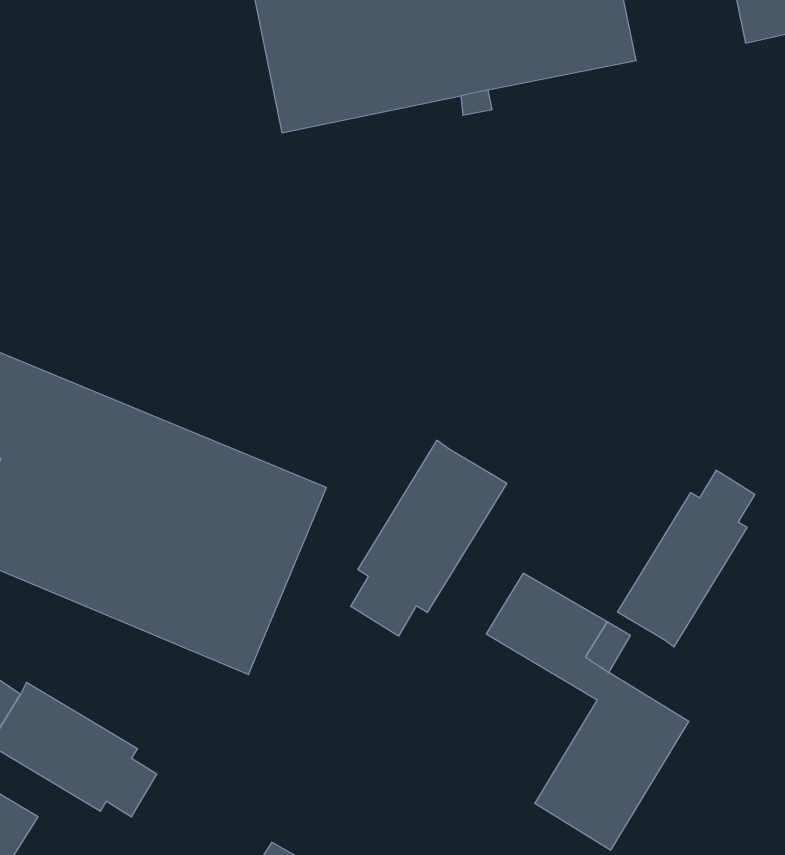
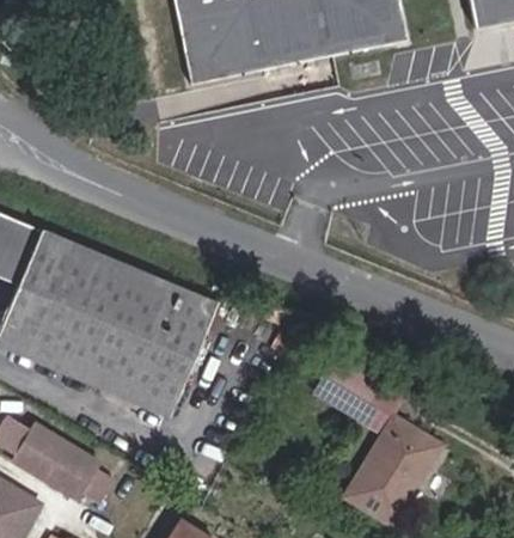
building: [351,440,507,636] -> none
building: [618,470,755,647] -> none

